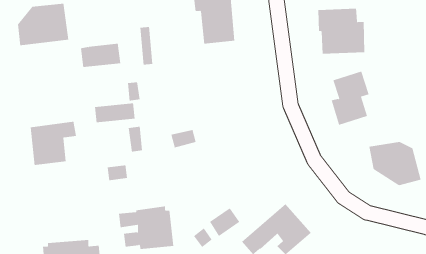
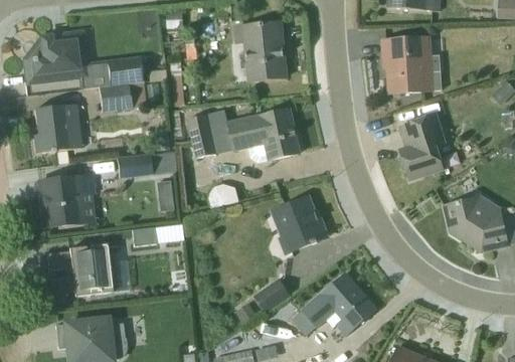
building: none -> [106,55,145,84]
building: none -> [31,104,80,154]
building: none -> [185,109,297,161]
building: none -> [271,197,329,252]
building: [118,206,174,250] -> [47,243,115,296]

